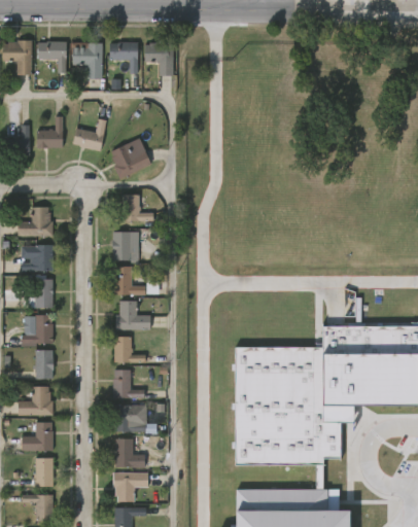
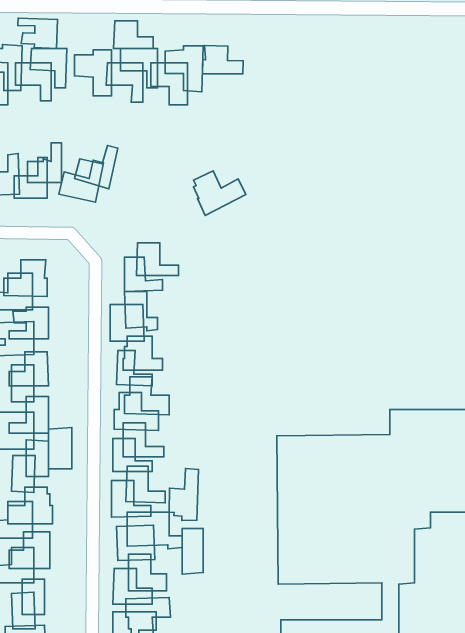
building: none -> [18,18,57,48]
building: none -> [113,21,153,48]
building: none -> [202,46,243,74]
building: [112,144,153,179] -> [193,171,246,216]
building: none -> [48,428,72,469]
building: none -> [169,468,198,521]
building: none -> [182,528,203,574]

